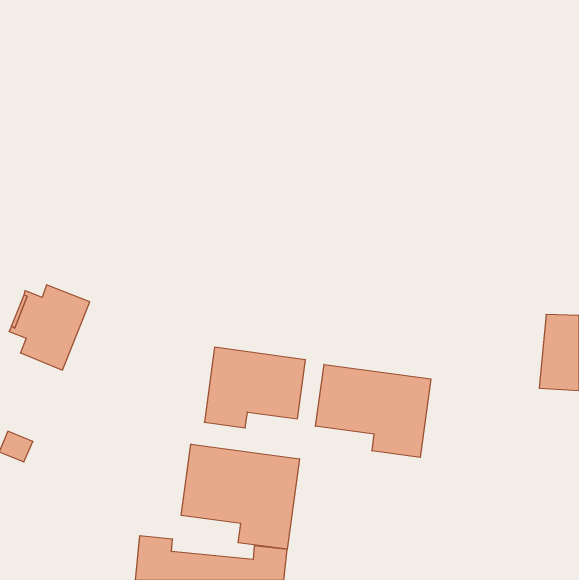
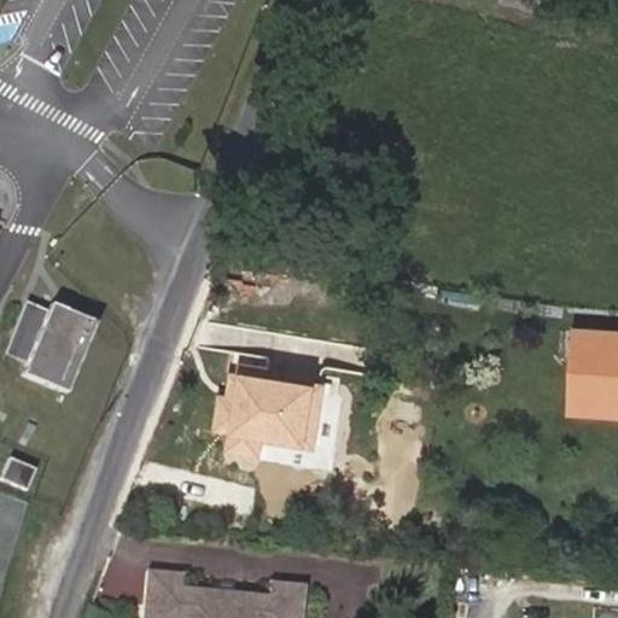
building: [315,364,431,457] -> none
building: [181,444,299,549] -> none

